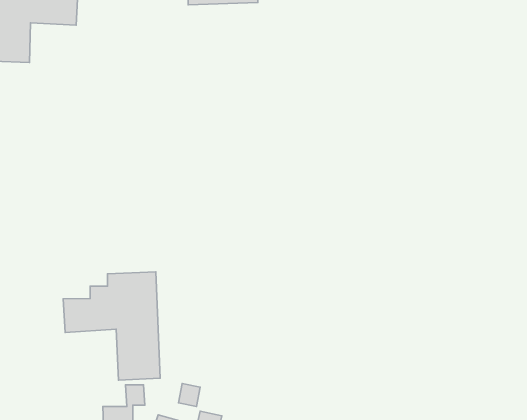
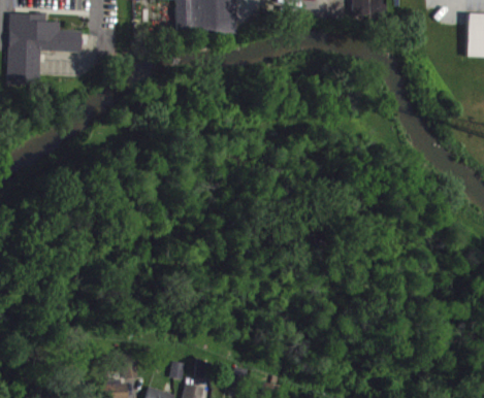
building: [63,272,160,380] -> none

